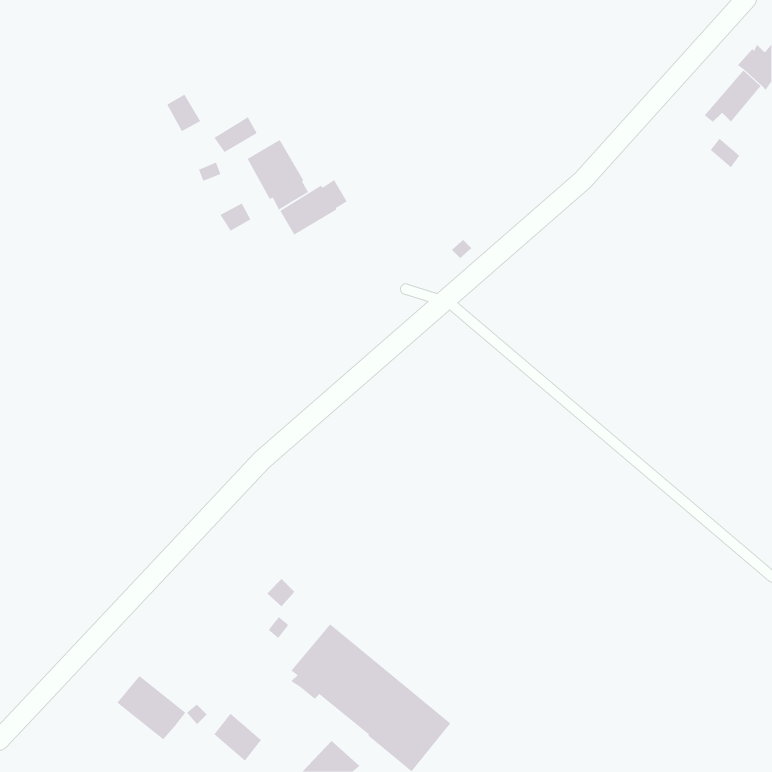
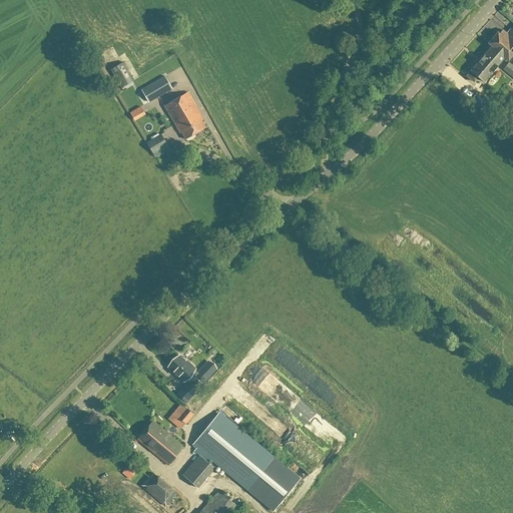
building: [279,179,347,235] -> none
building: none -> [167,355,210,384]
building: [117,675,186,740] -> [136,421,182,464]
building: none -> [182,455,213,487]

